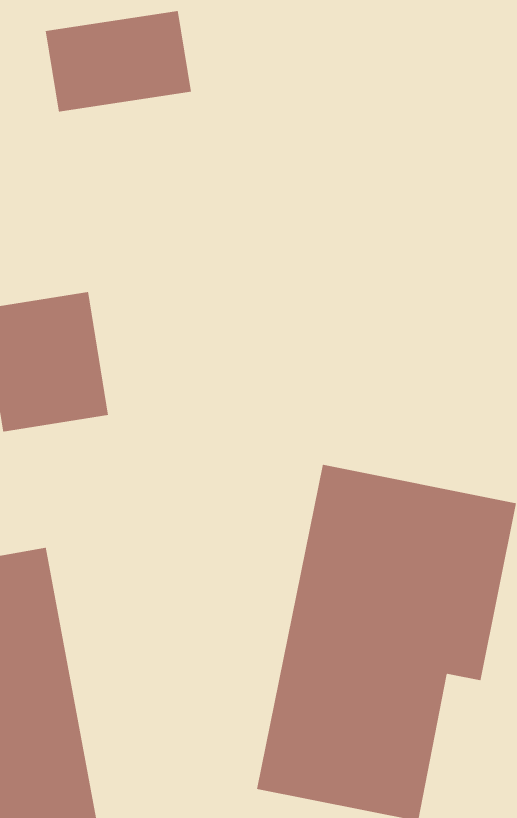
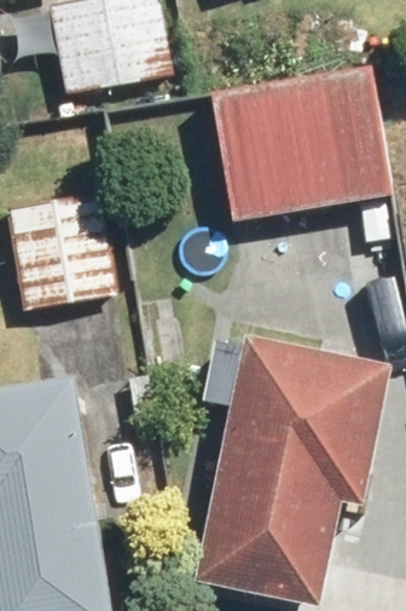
building: none -> [215,85,378,223]

